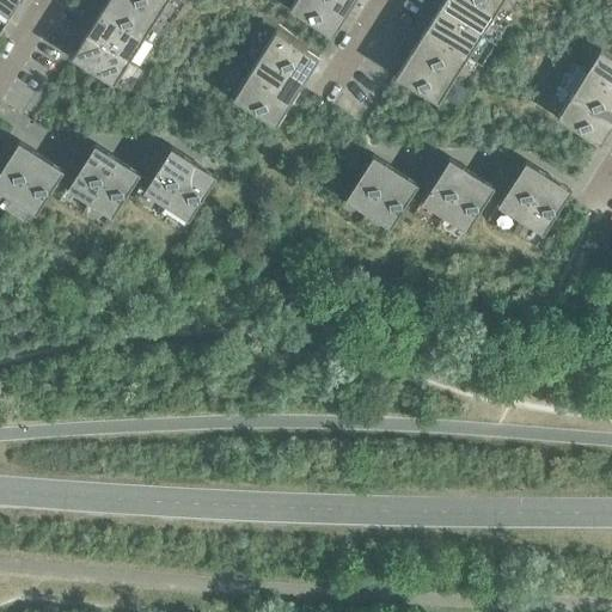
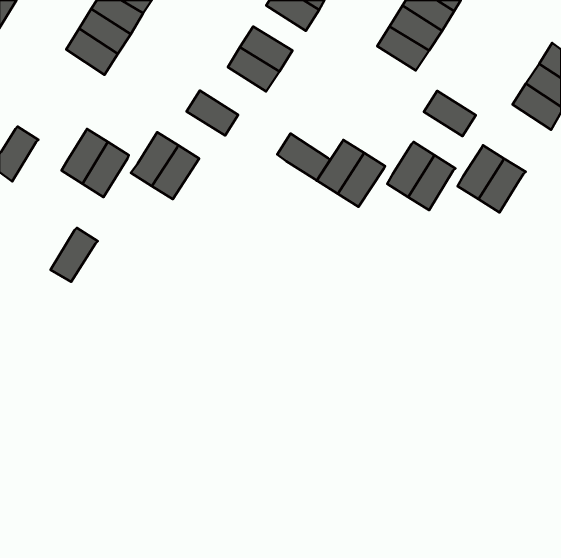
building: [396,55,452,104] -> [424,91,476,136]
building: [233,78,289,127] -> [187,91,238,136]
building: none -> [277,134,330,181]
building: [13,157,65,215] -> [50,228,98,282]

